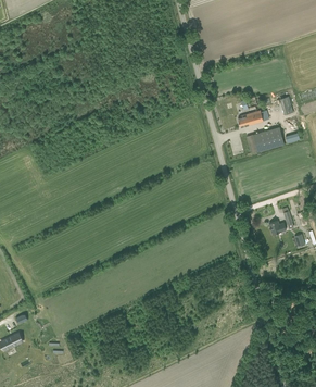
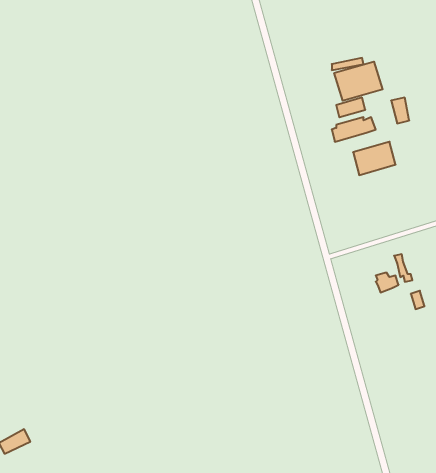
building: none -> [334,62,383,101]

